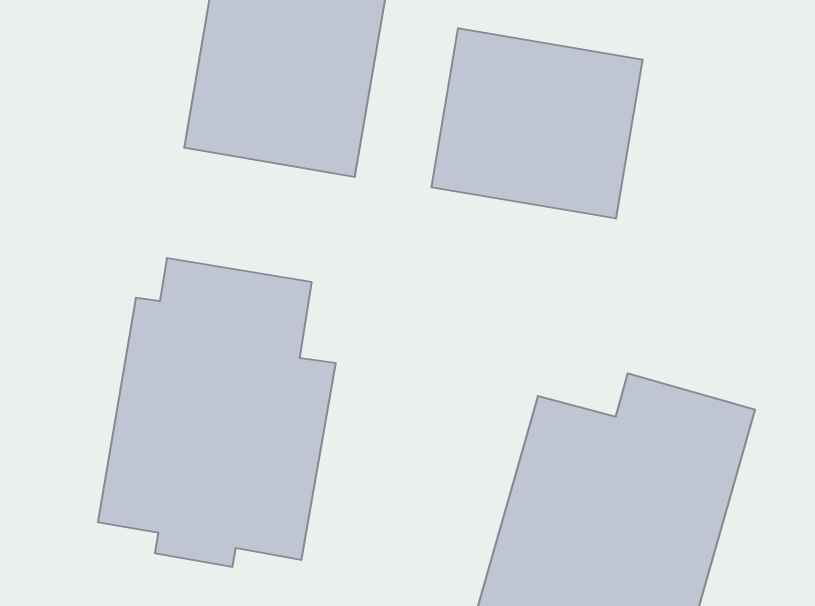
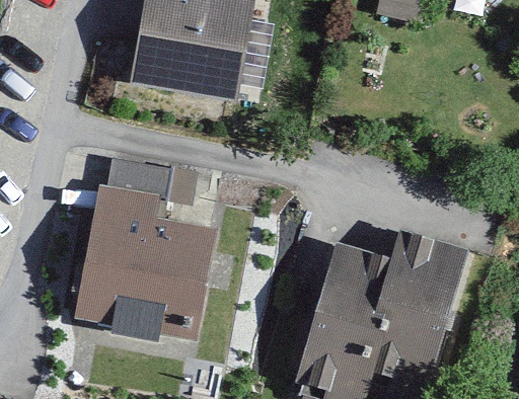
building: [432,28,643,219] -> none

